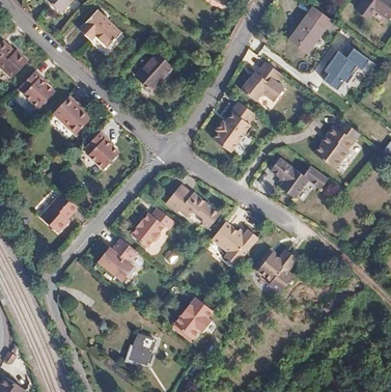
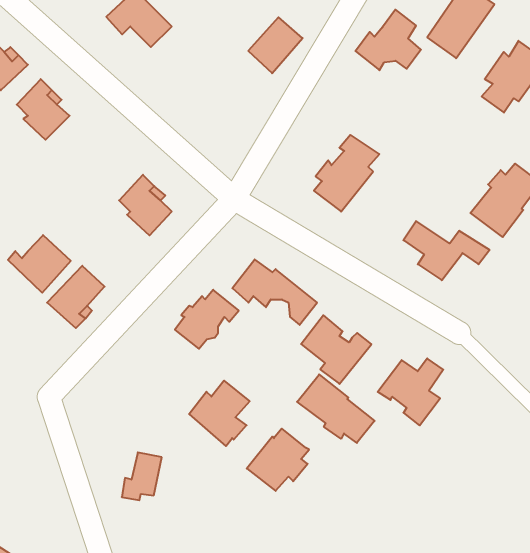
building: [136,53,171,89] -> [248,17,303,73]
building: [242,65,284,105] -> [355,10,421,70]
building: [56,94,92,134] -> none
building: none -> [8,235,71,293]
building: [95,237,135,280] -> [189,381,250,446]
building: none -> [297,374,375,443]
building: [124,335,150,366] -> [122,452,162,500]

